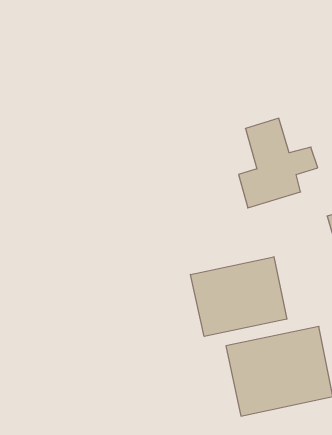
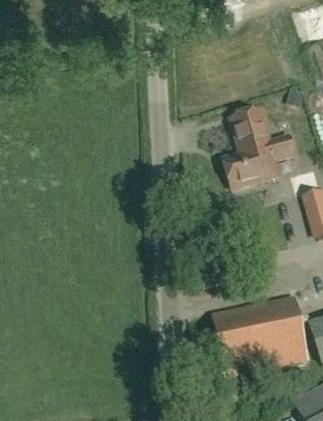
building: [190,257,287,336] -> none

